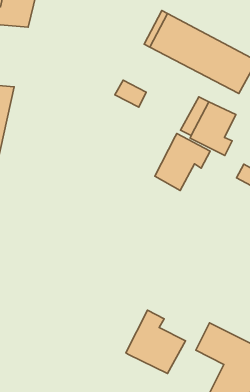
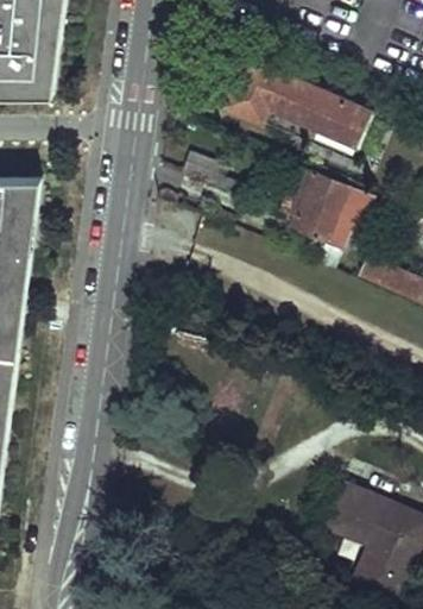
building: [155,134,210,191] -> none
building: [126,310,185,374] -> none

